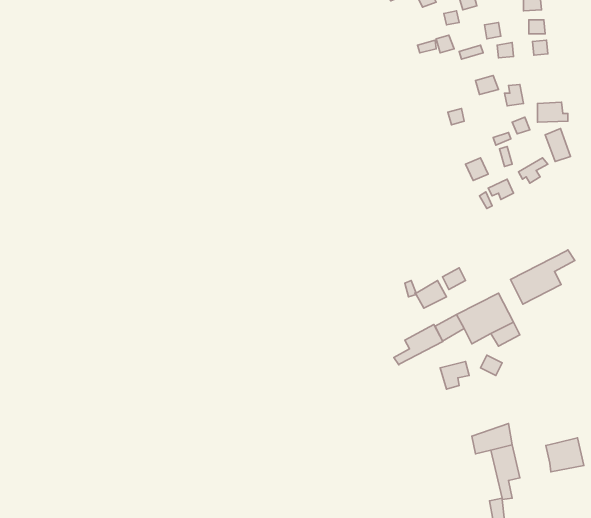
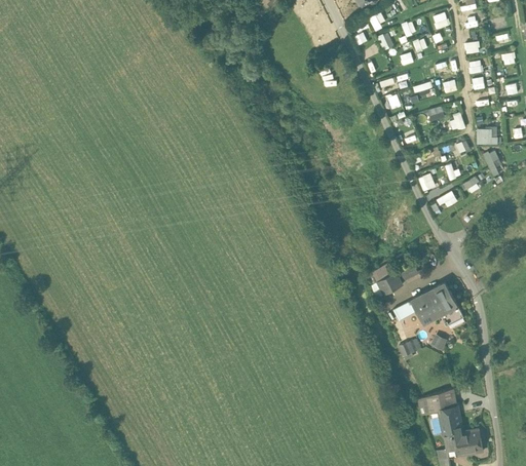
building: [510,250,575,304] -> none
building: [394,325,443,365] -> none
building: [546,438,584,472] -> [453,428,484,456]

